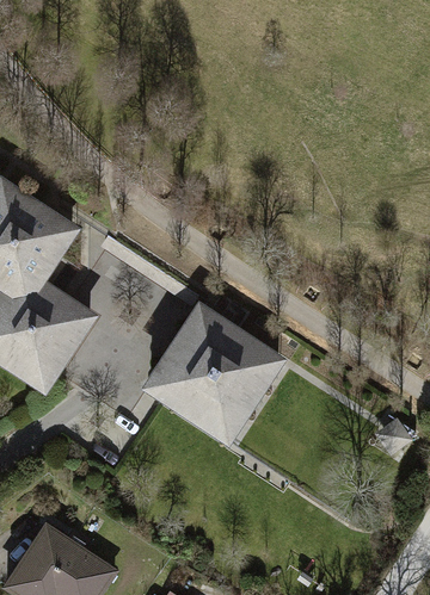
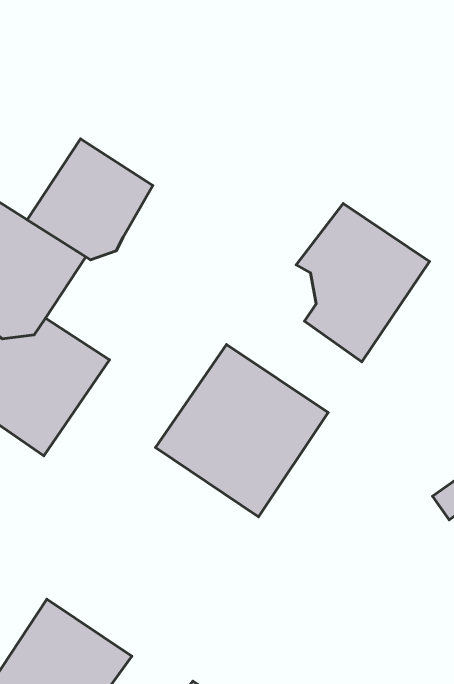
building: none -> [27,139,153,260]
building: none -> [296,204,430,362]

